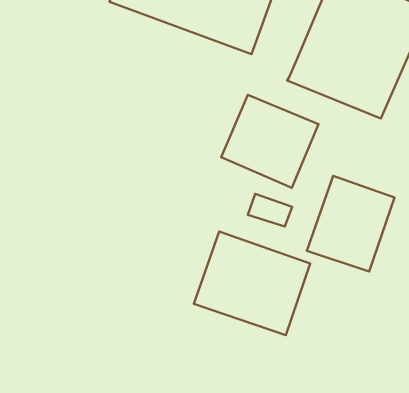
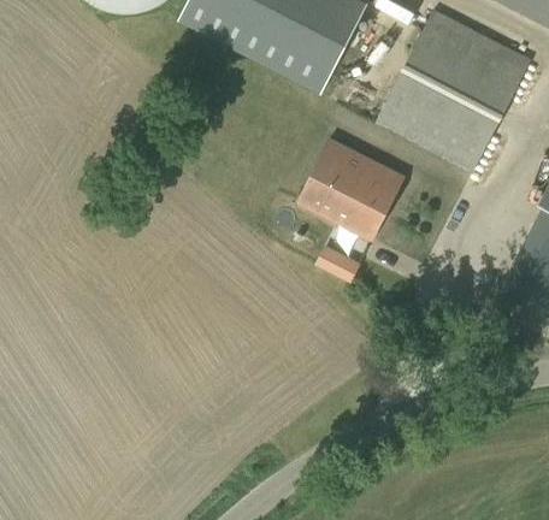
building: [307,176,395,272] -> none
building: [194,231,310,335] -> none

